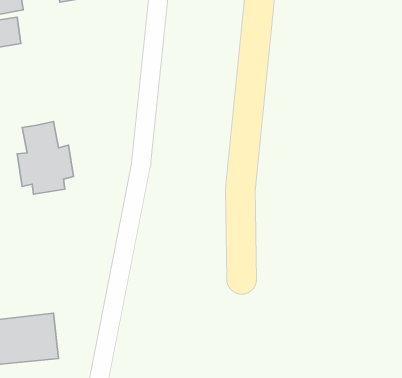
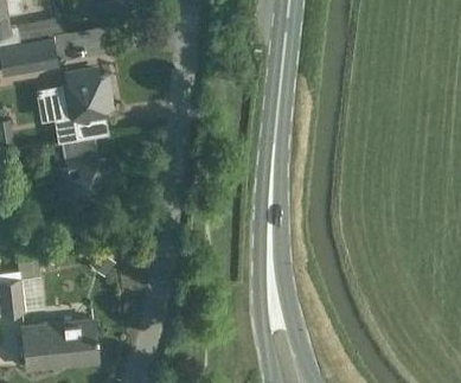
building: none -> [53,70,111,142]

